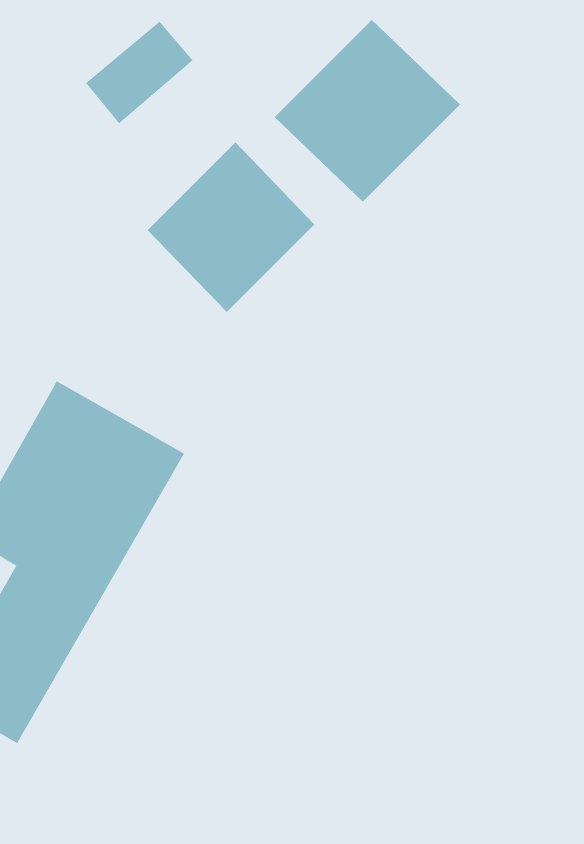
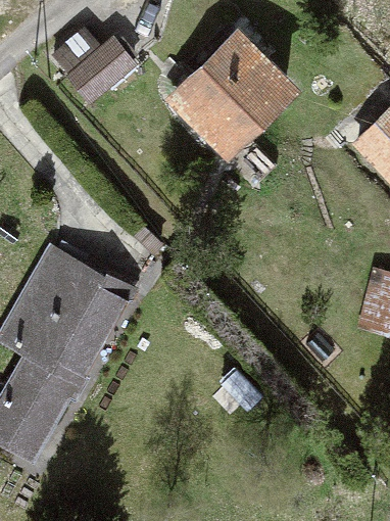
building: [147,142,315,313] -> none

